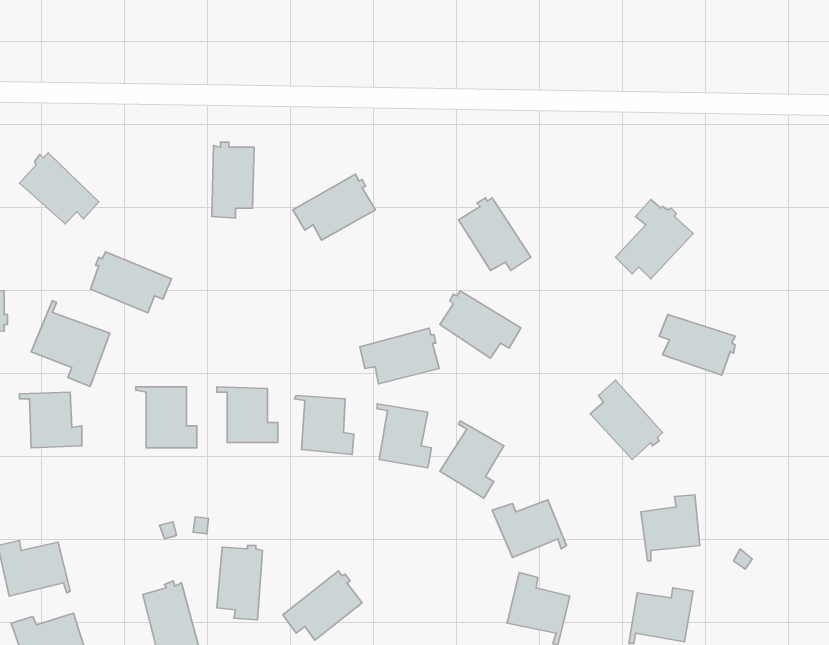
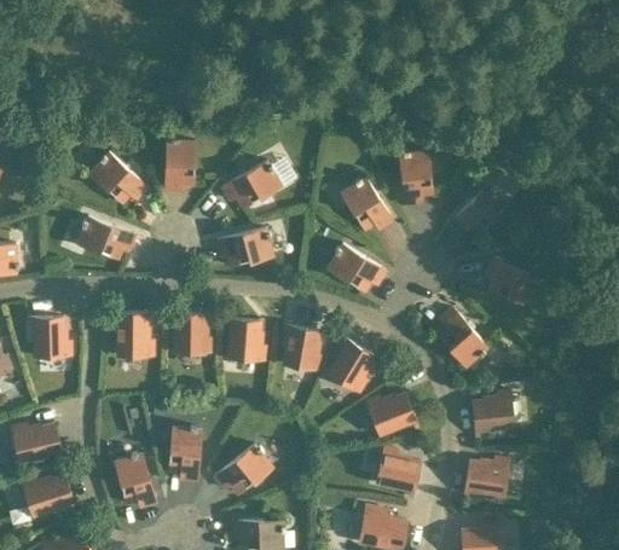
building: [19,153,99,224] -> [89,152,146,203]
building: none -> [399,150,433,204]
building: [31,300,110,386] -> none
building: [360,328,439,384] -> [216,227,273,267]

